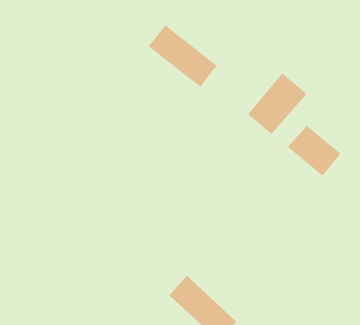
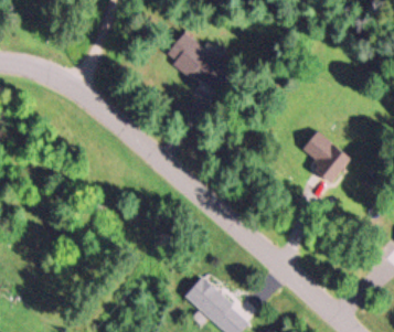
building: [247,72,307,135] -> none

